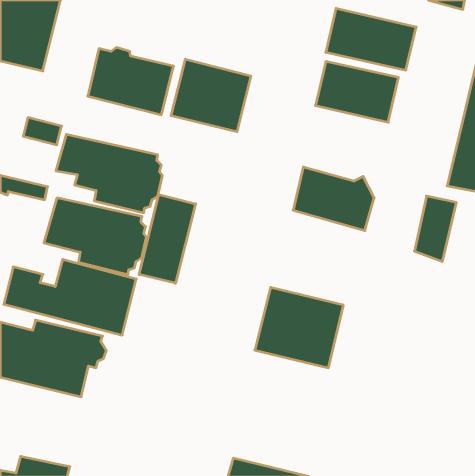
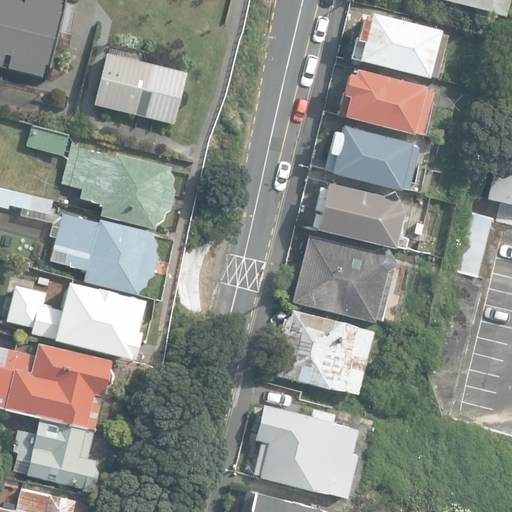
building: [171,59,251,132] -> none
building: none -> [327,125,416,191]
building: [139,195,196,283] -> none
building: none -> [294,235,397,324]
building: none -> [256,406,357,494]
building: none -> [12,420,102,492]

